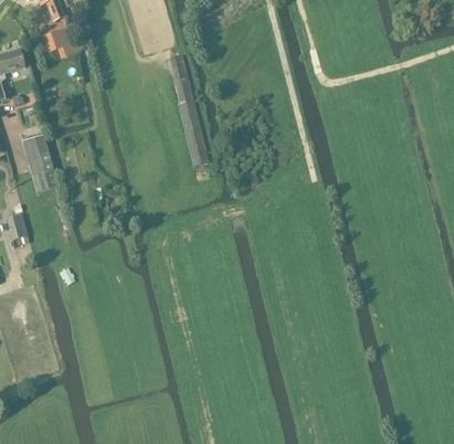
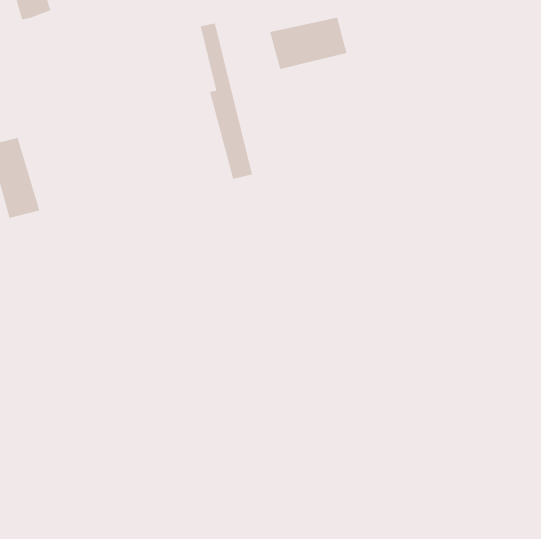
building: none -> [270,17,347,70]

